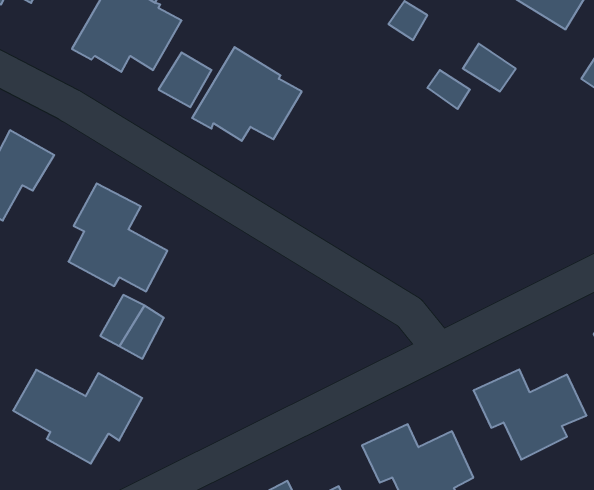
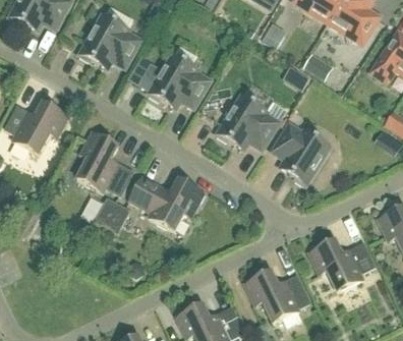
building: none -> [216,95,279,149]
building: none -> [273,123,330,186]
building: [13,370,142,464] -> [129,176,204,230]

